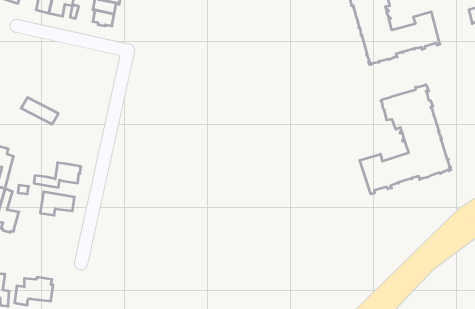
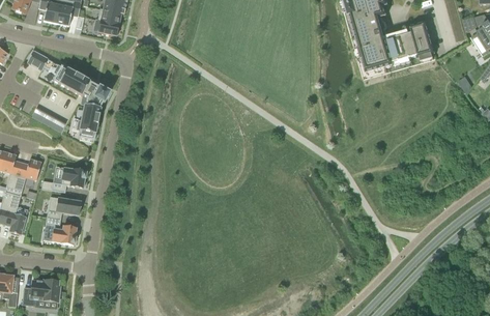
building: none -> [26,49,110,139]
building: [360,85,451,194] -> none
building: none -> [12,157,40,194]
building: none -> [45,216,76,243]

